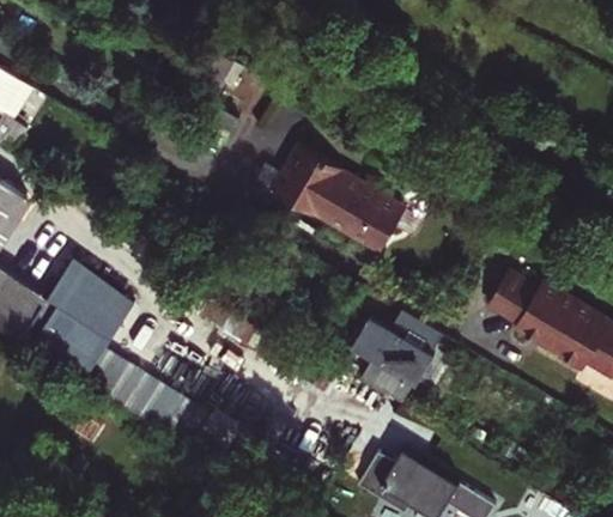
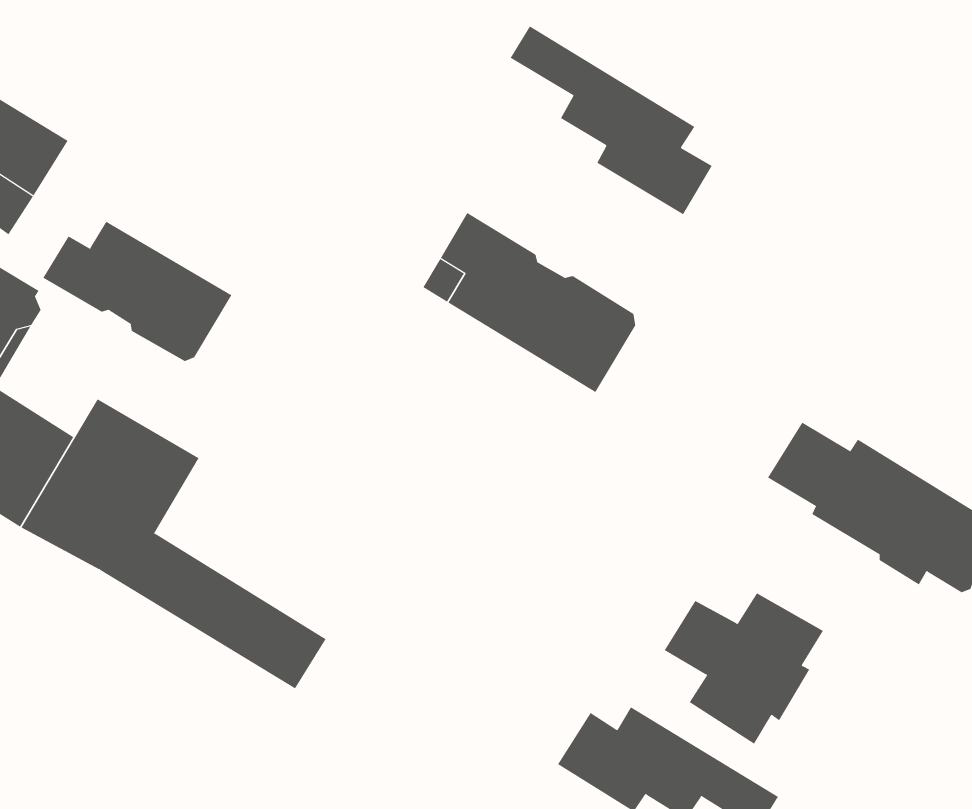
building: none -> [510,26,712,215]
building: none -> [43,221,232,362]
building: [341,310,441,405] -> [664,592,824,744]

